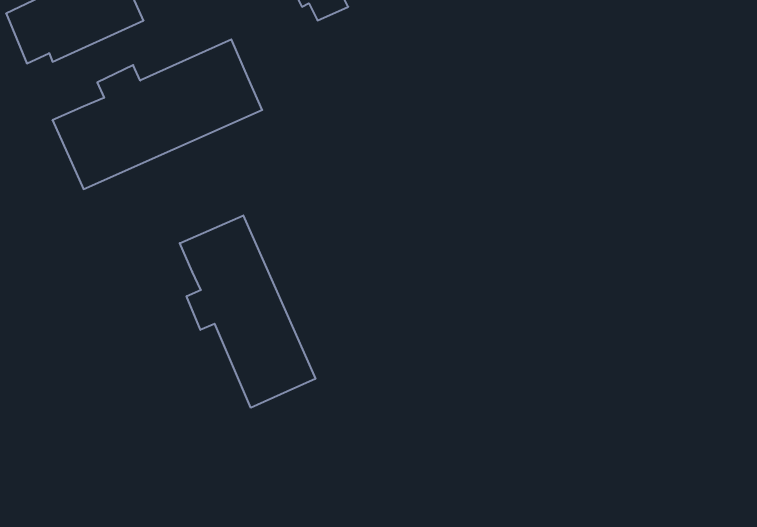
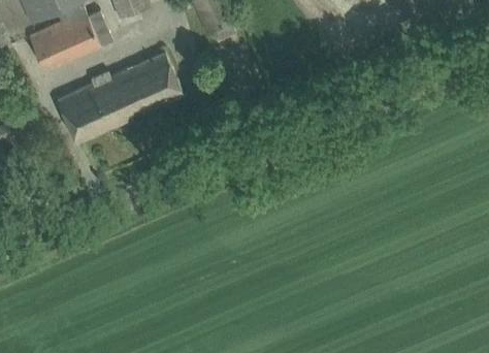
building: [180,215,315,408] -> none

